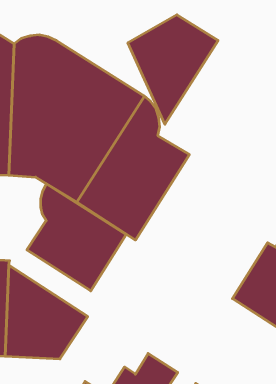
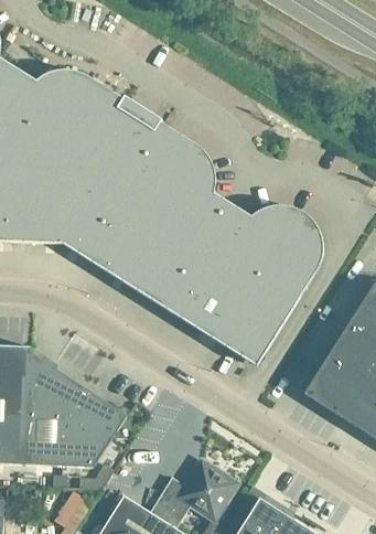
building: [128,15,218,124] -> none
building: none -> [185,205,323,365]
building: [27,184,126,291] -> none

